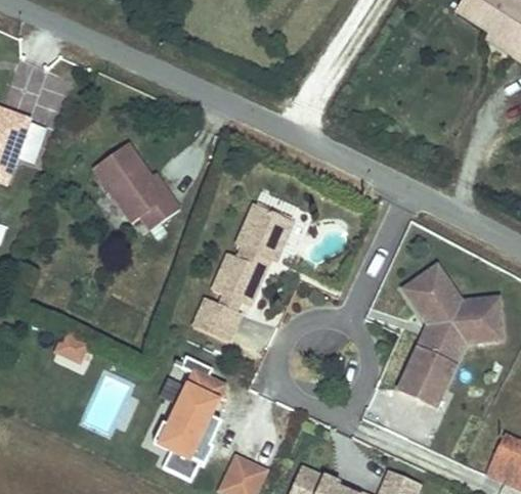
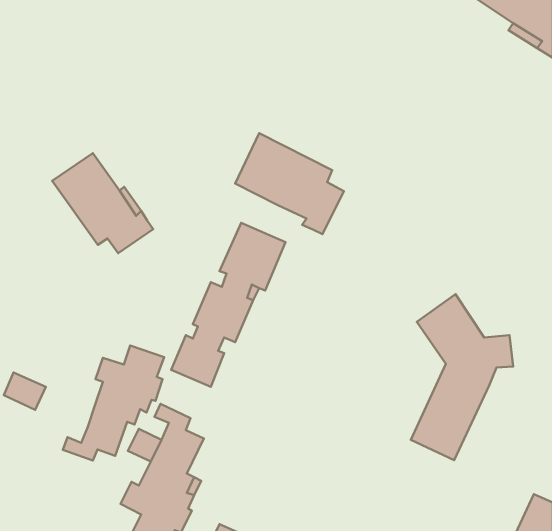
building: none -> [235,133,344,234]
building: [466,296,503,341] -> none
building: none -> [63,346,164,460]

